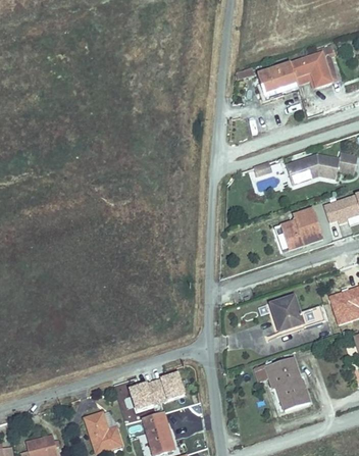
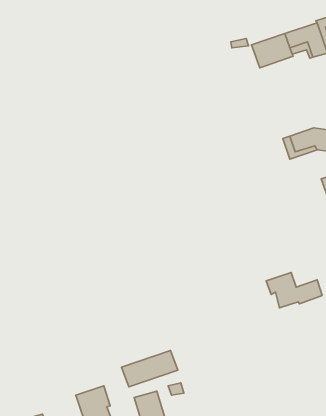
building: [283,207,320,246] -> none
building: [257,358,312,410] -> none

